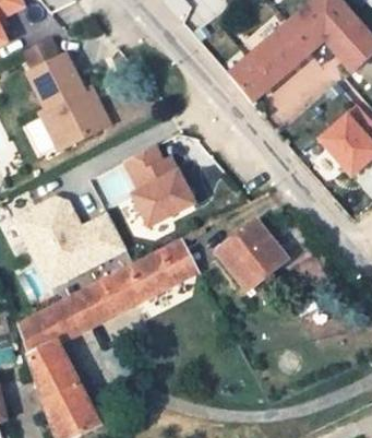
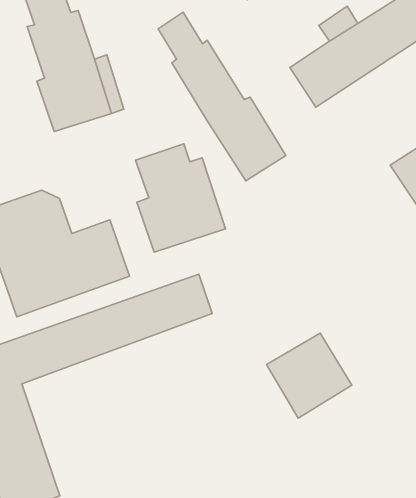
building: none -> [158,12,286,181]
building: [218,223,285,289] -> [267,333,352,418]

